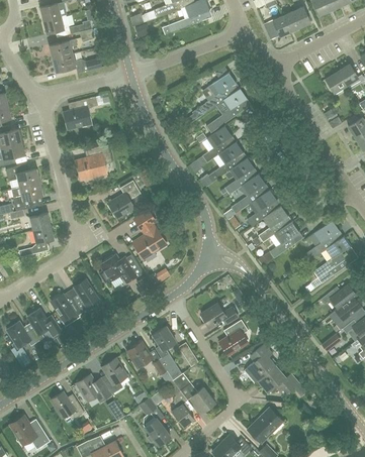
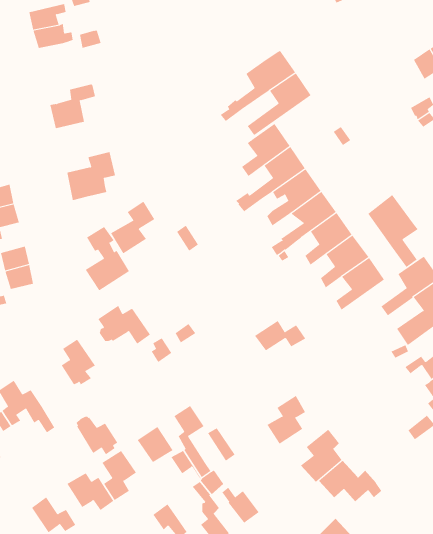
building: none -> [367,194,419,268]
building: [132,211,165,257] -> [85,226,130,291]
building: [51,293,81,321] -> [76,416,118,455]
building: [200,304,238,326] -> [254,320,306,351]

